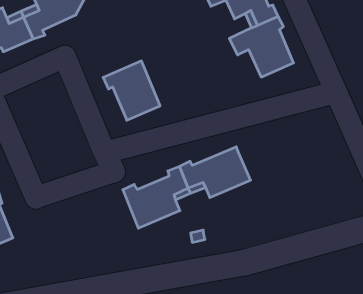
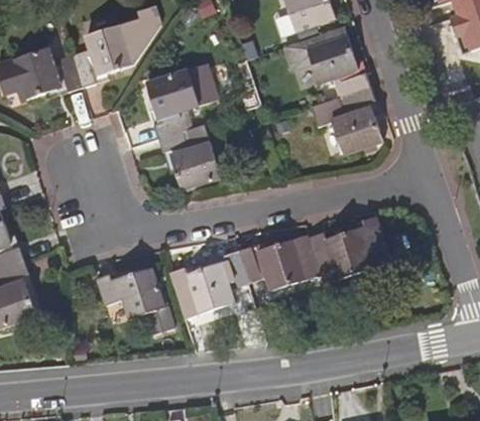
building: none -> [146,64,218,139]
building: none -> [308,216,391,283]
building: none -> [96,267,172,334]

